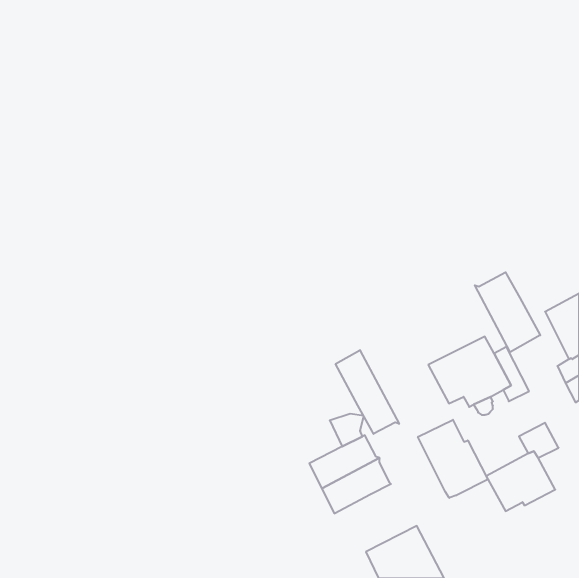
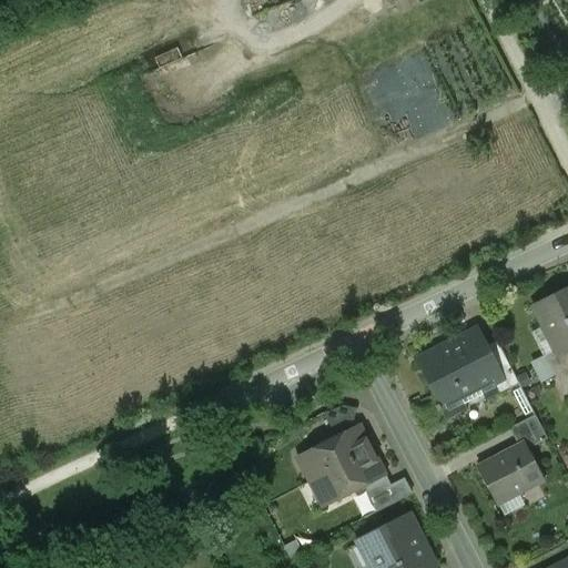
building: [475,272,540,352] -> none
building: [336,350,399,434] -> none
building: [418,420,488,498] -> none
building: none -> [363,471,393,510]

